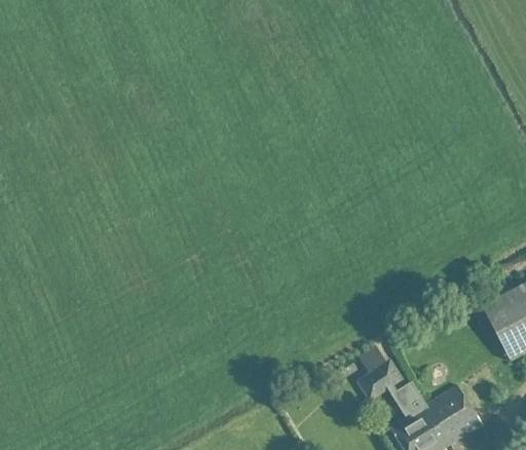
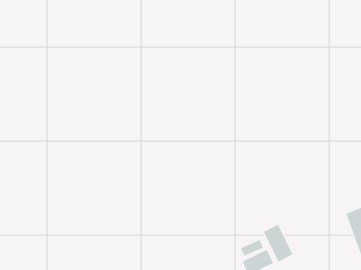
building: none -> [263,224,293,262]

